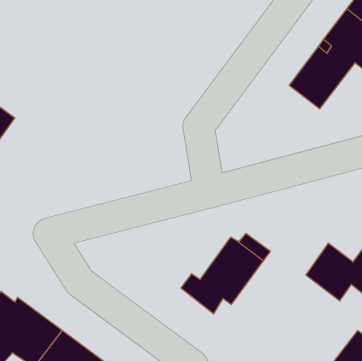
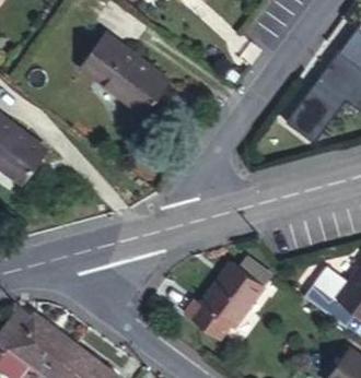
building: none -> [89,54,162,121]

